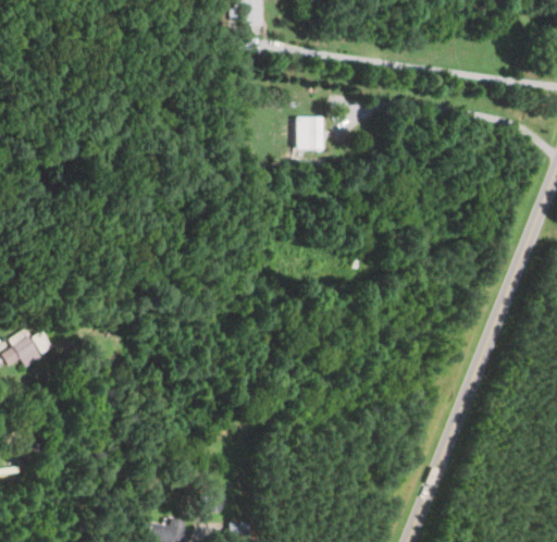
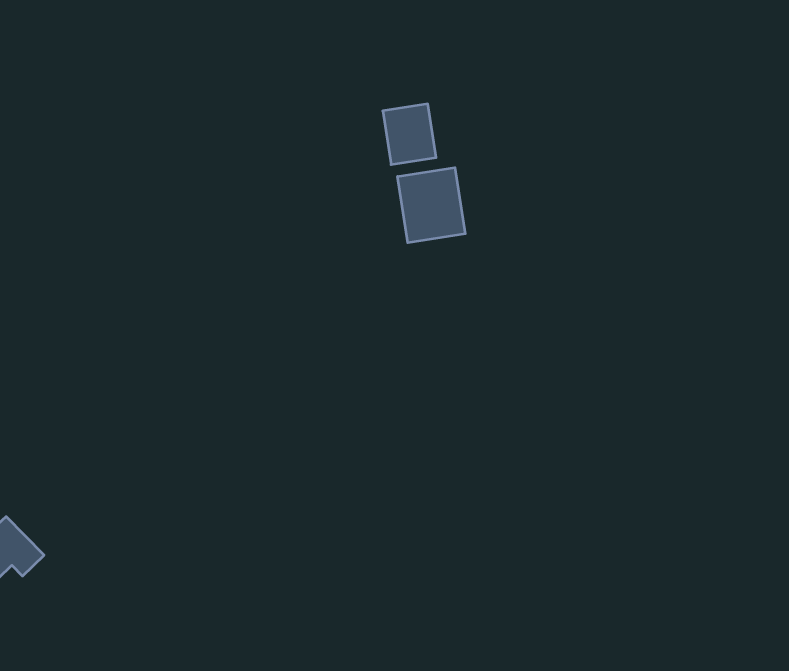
building: none -> [398,168,465,243]

